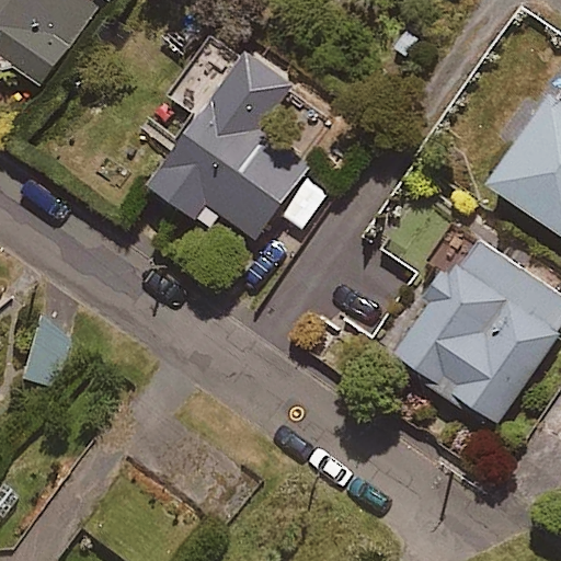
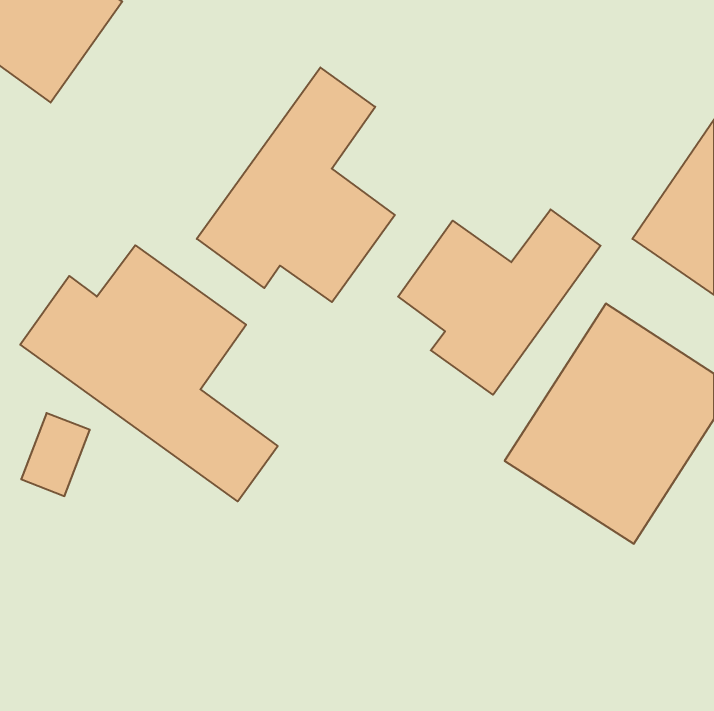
building: none -> [398,209,601,395]
building: none -> [20,245,278,501]

